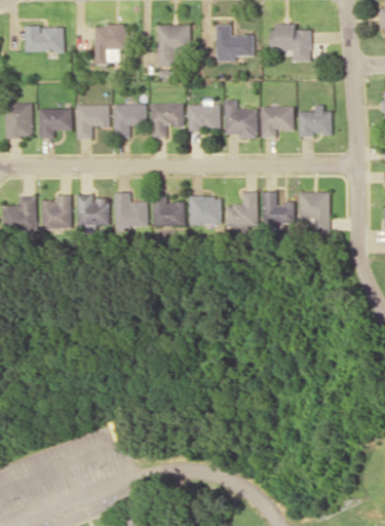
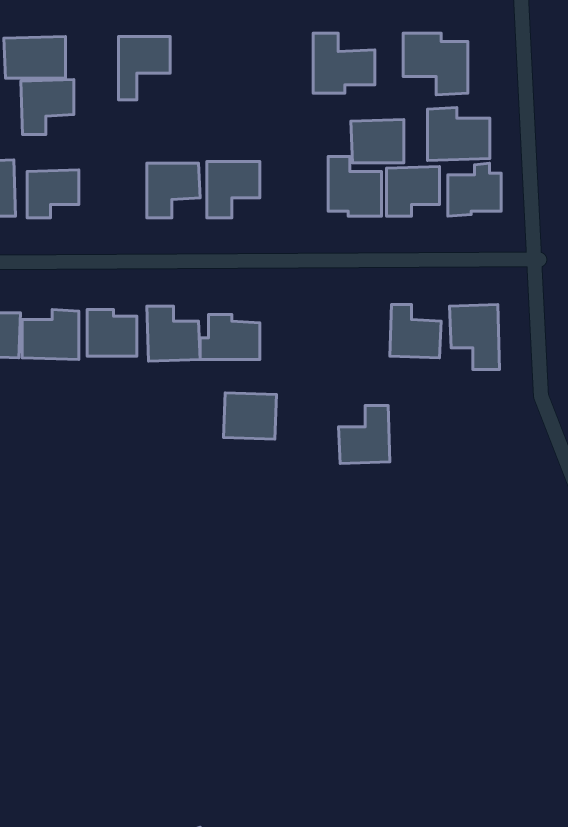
building: [157,26,190,67] -> none
building: none -> [428,107,490,160]
building: [75,105,108,139] -> [21,79,74,134]
building: [187,105,220,132] -> [351,119,404,163]
building: [226,192,258,228] -> [338,405,390,464]
building: [187,196,220,225] -> [223,393,277,439]

